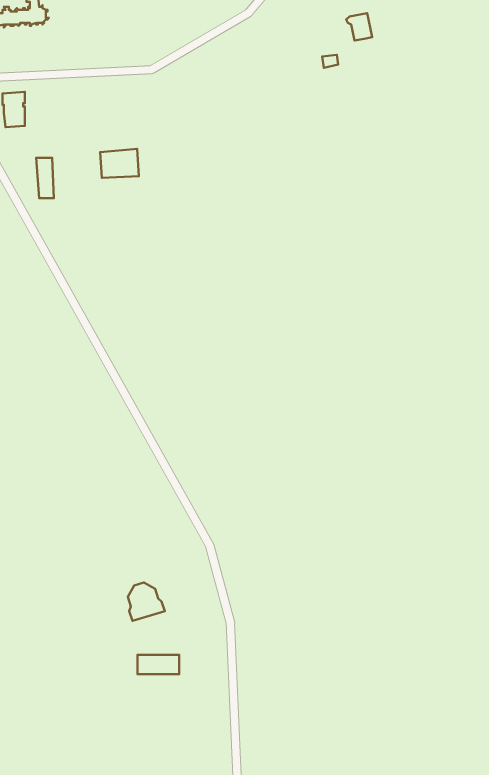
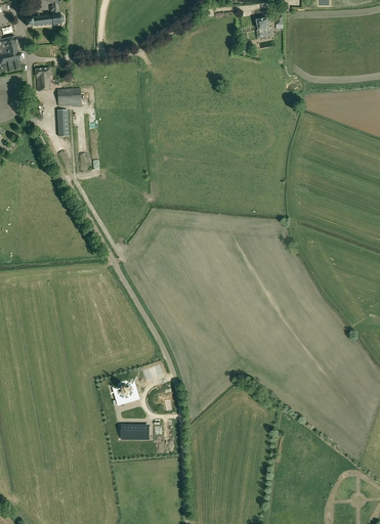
building: [100,149,139,178] -> [57,88,82,106]

